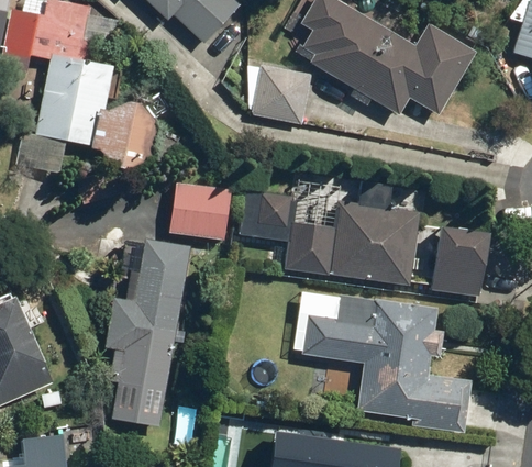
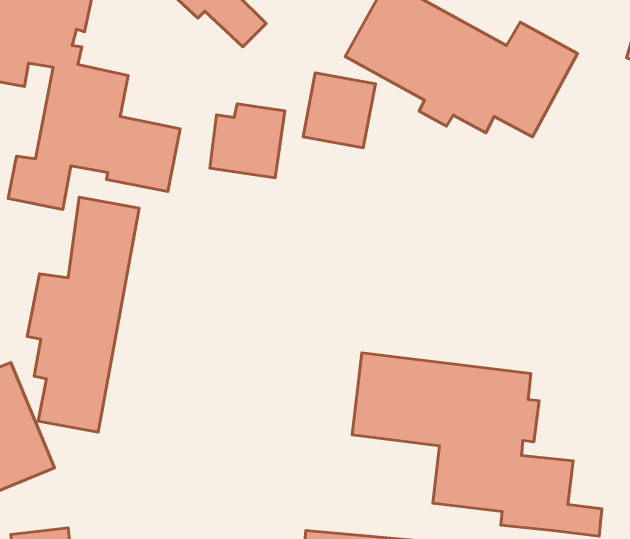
building: [236,176,418,285] -> none
building: [170,184,231,243] -> [210,104,285,178]
building: [432,223,491,298] -> none
building: [102,236,192,425] -> [27,197,139,432]

